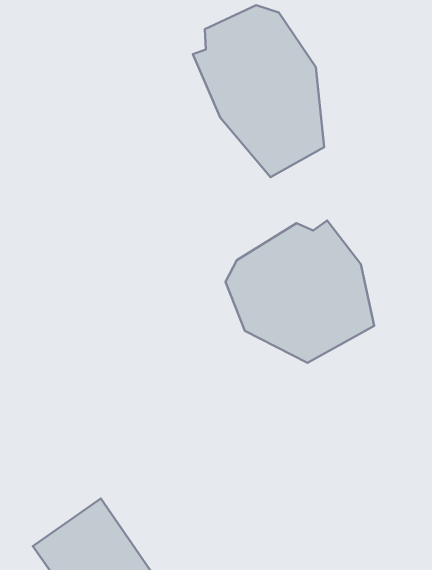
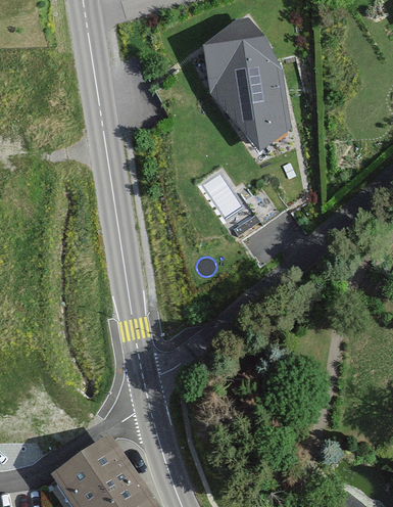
building: [226,221,374,363] -> none

